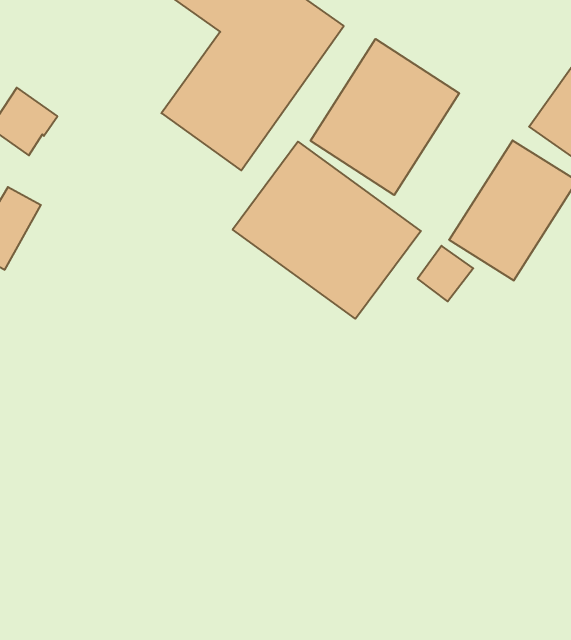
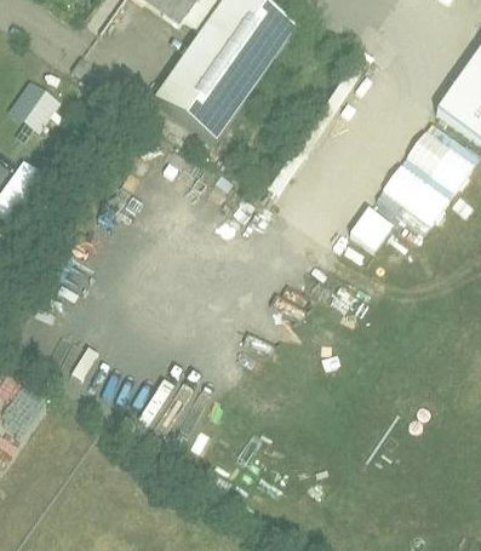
building: [311,39,459,195] -> none
building: [233,142,421,319] -> none

